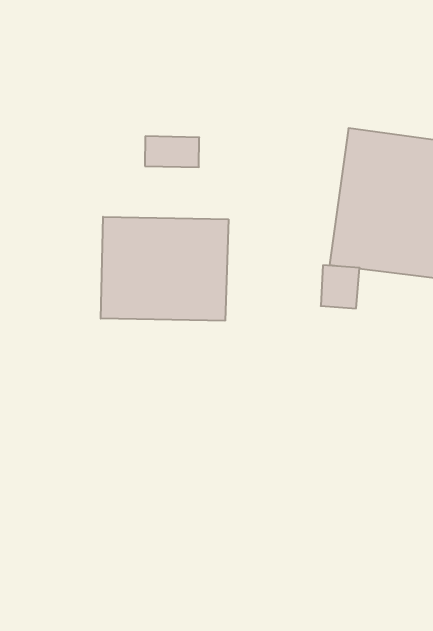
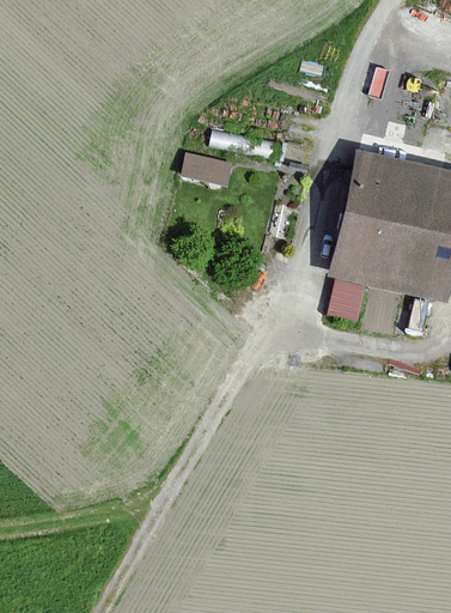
building: [101,217,228,321] -> none

